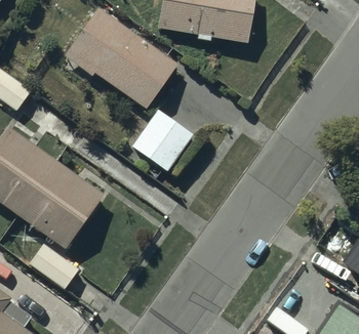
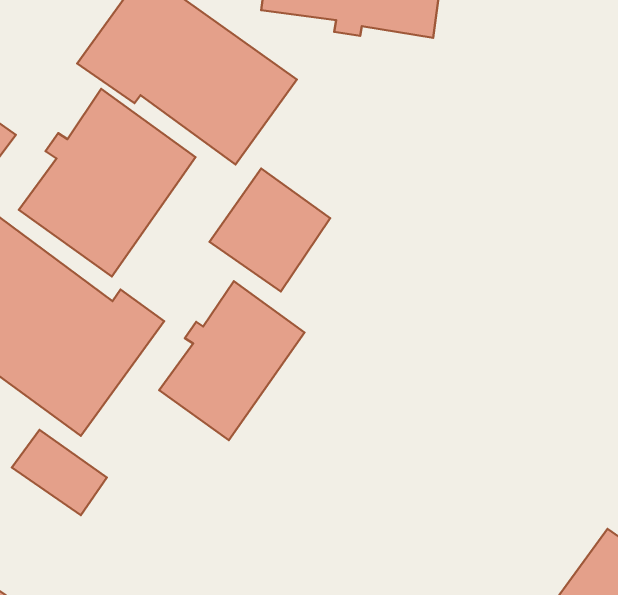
building: none -> [19,89,195,276]
building: none -> [159,281,305,440]

